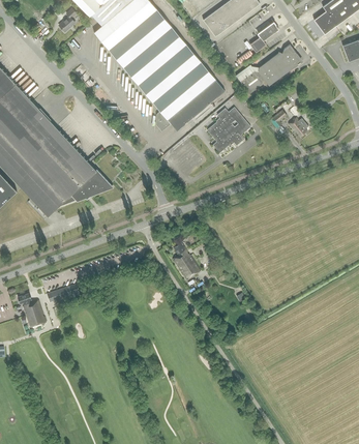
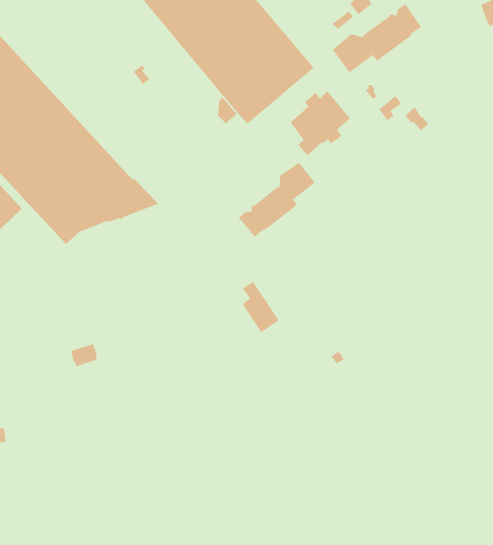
building: none -> [238,162,315,238]
building: [18,293,46,327] -> none

